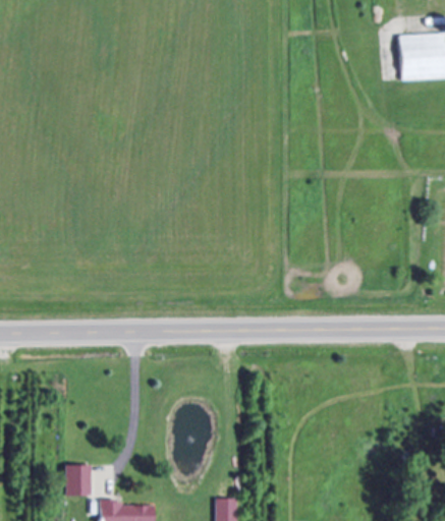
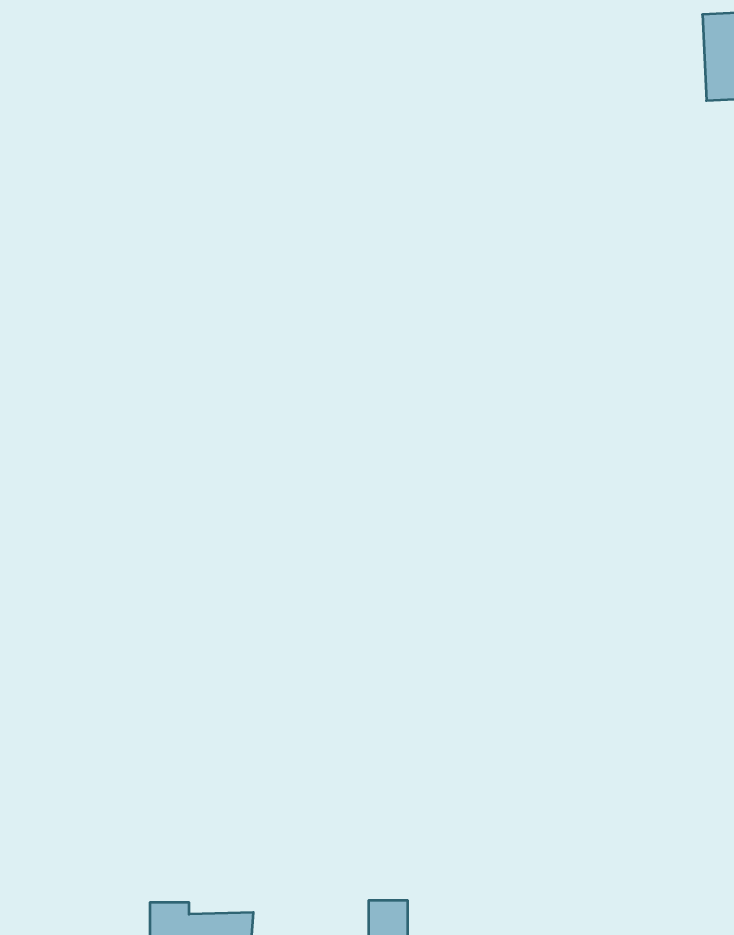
building: [67,465,94,496] -> none

